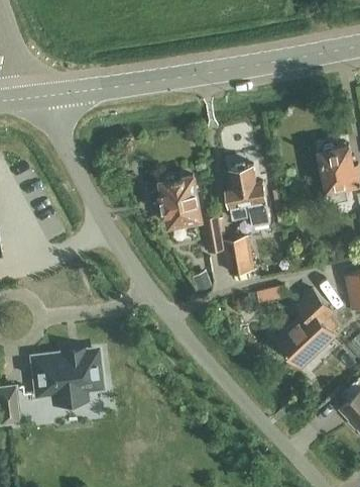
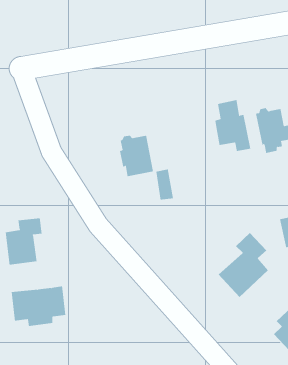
building: [227,166,269,226] -> [215,100,251,152]
building: [225,237,250,273] -> none
building: none -> [5,217,42,265]

